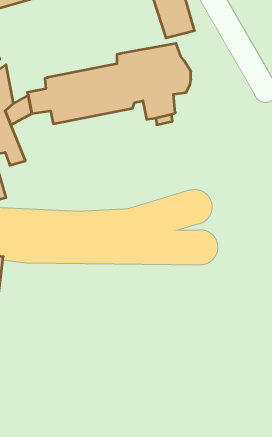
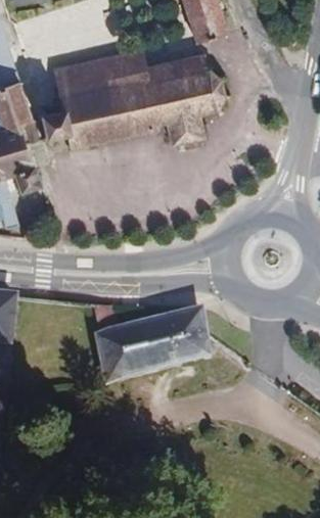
building: none -> [59,50,145,92]
building: none -> [94,305,212,375]

